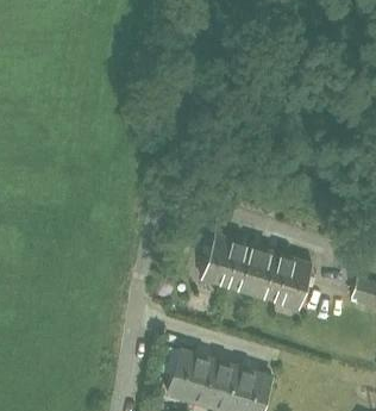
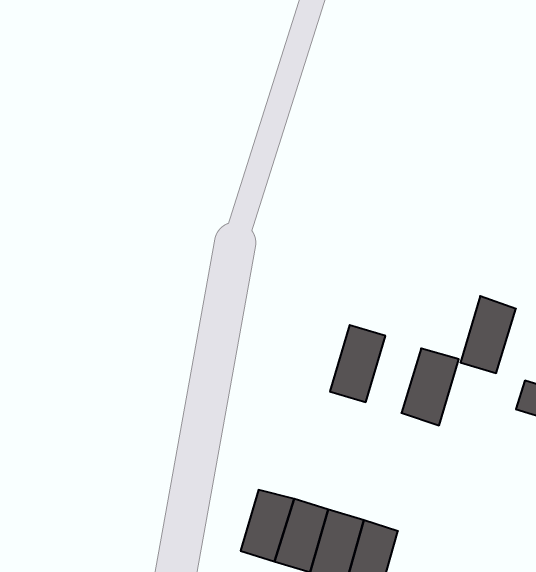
building: [201,235,239,286] -> none
building: [250,249,287,300] -> [460,296,516,373]

